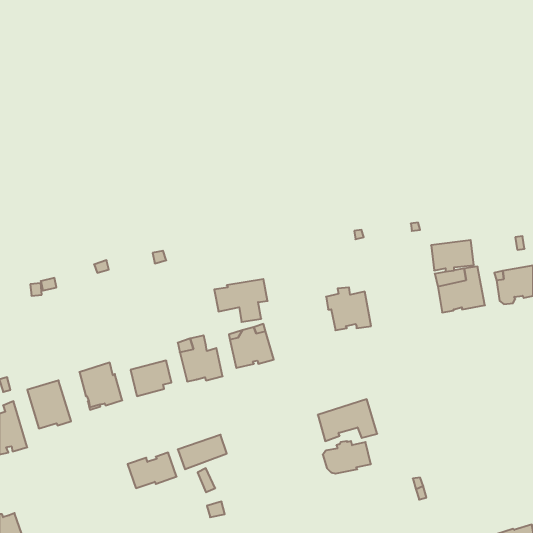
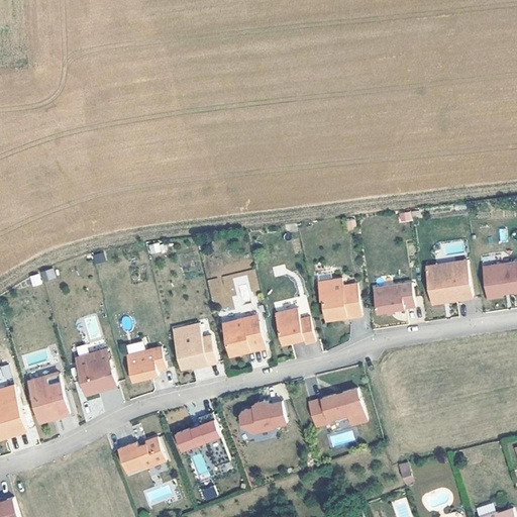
building: [431,240,474,271] -> [371,282,412,312]
building: none -> [274,309,314,345]
building: [323,441,371,474] -> [242,402,289,433]

